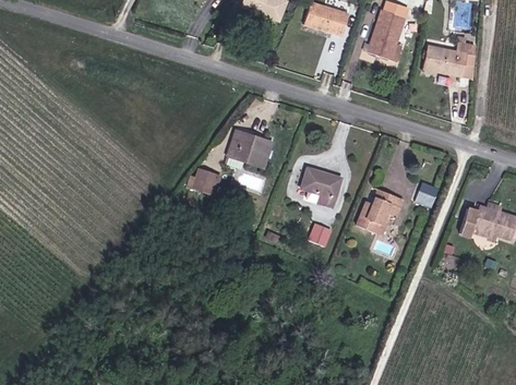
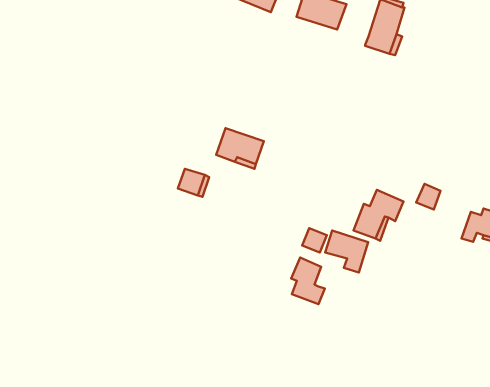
building: [422,41,475,79] -> none
building: [301,168,341,207] -> [325,231,368,272]
building: none -> [291,257,325,304]

